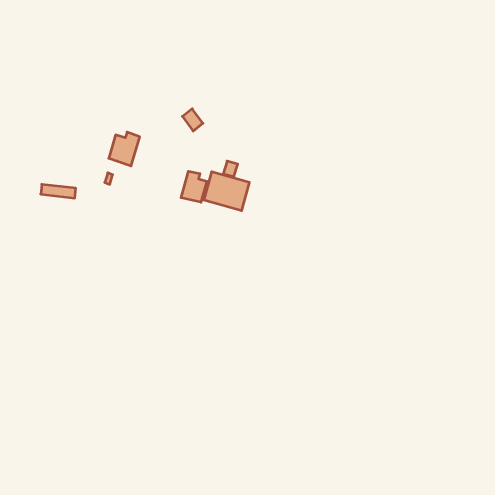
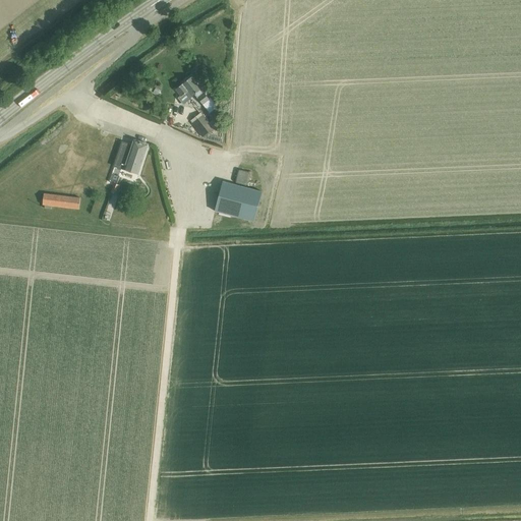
building: none -> [175,76,208,103]
building: [181,171,207,202] -> none

